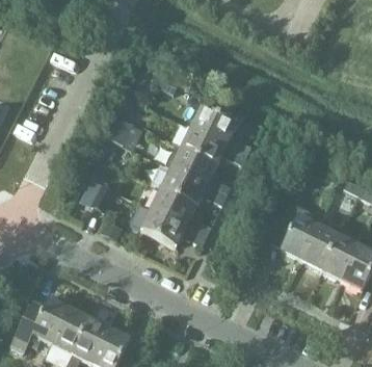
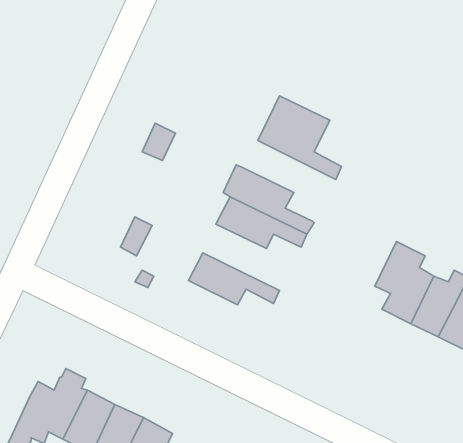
building: [180,129,246,166] -> none
building: [151,189,210,237] -> none

